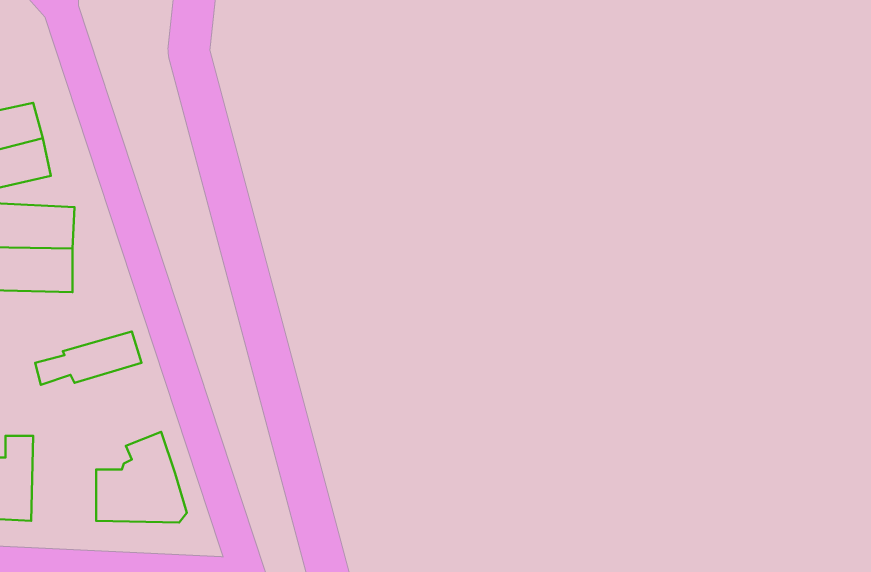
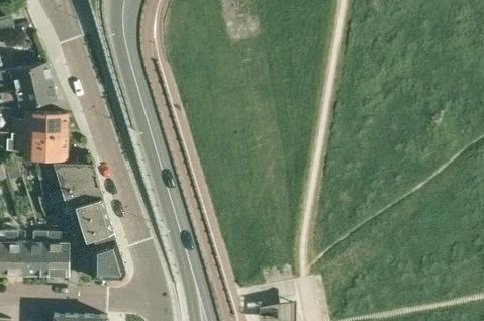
building: none -> [36,162,97,188]
building: none -> [68,194,112,242]
building: none -> [45,231,68,275]

